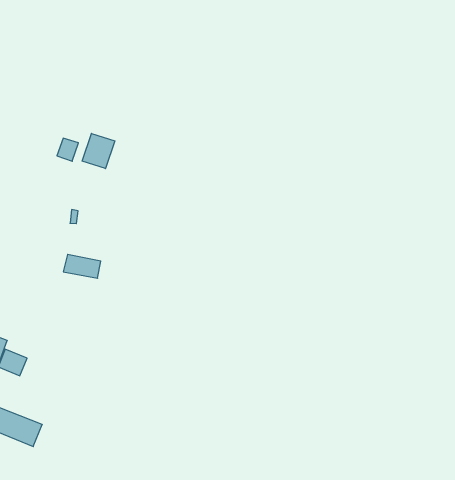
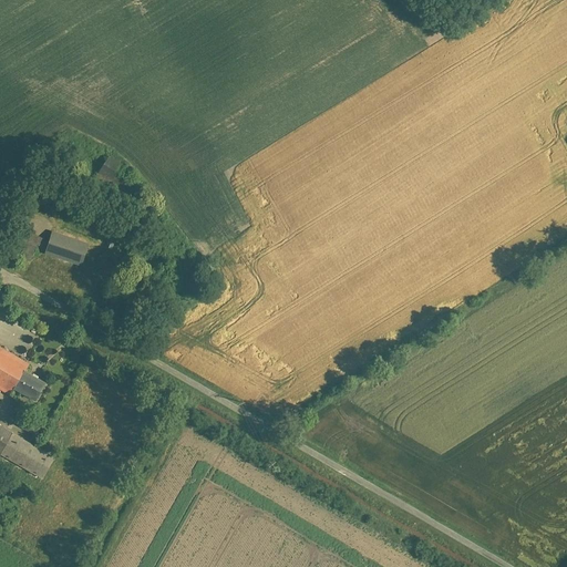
building: [82,133,115,169] -> none
building: [63,254,101,278] -> [44,234,85,262]

